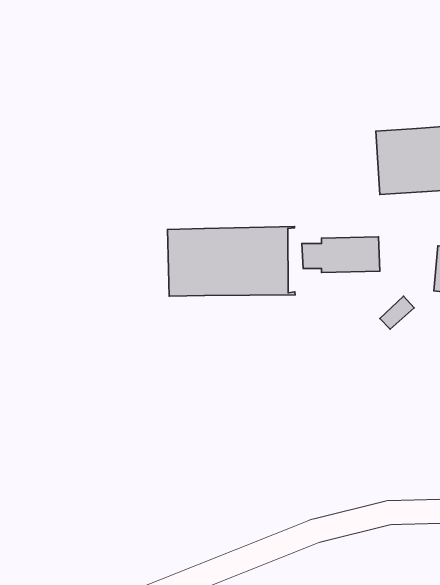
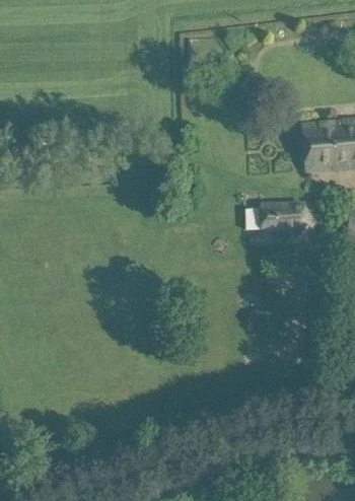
building: [168,226,295,296] -> none

